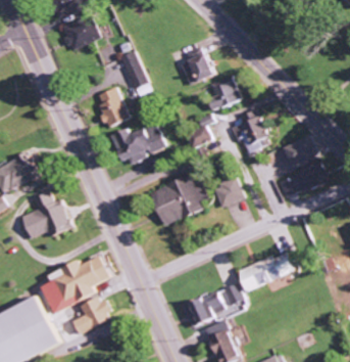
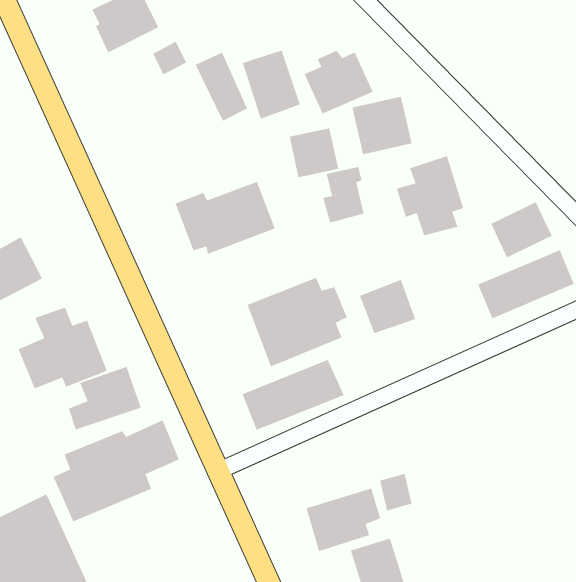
building: [94,88,127,127] -> [242,50,301,120]
building: none -> [289,127,339,178]
building: [237,251,294,290] -> [241,359,345,431]
building: [70,297,111,332] -> [68,366,142,430]

